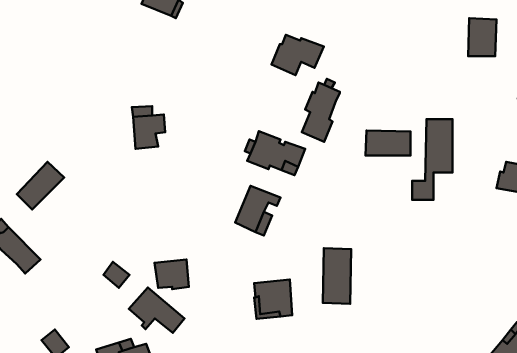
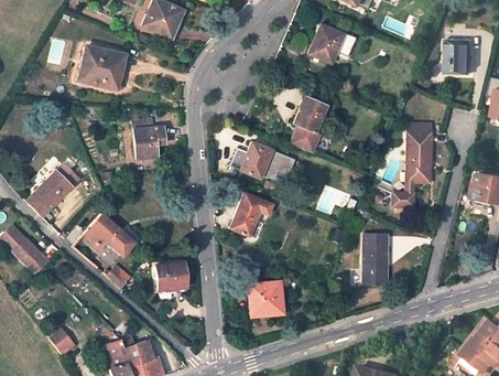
building: none -> [77,45,123,87]
building: [272,35,324,75] -> [307,25,356,63]
building: [366,131,410,155] -> none
building: [323,248,351,304] -> [360,233,387,284]
building: [129,288,185,333] -> [82,213,133,255]

